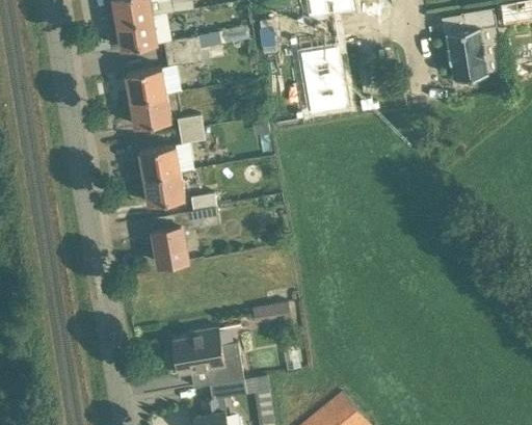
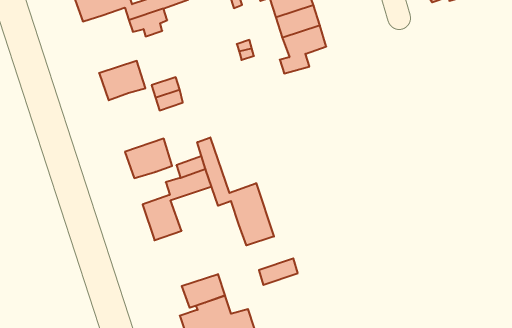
building: [125,69,166,101] -> none
building: [138,145,181,179] -> none
building: none -> [197,137,274,245]
building: none -> [182,274,225,308]

